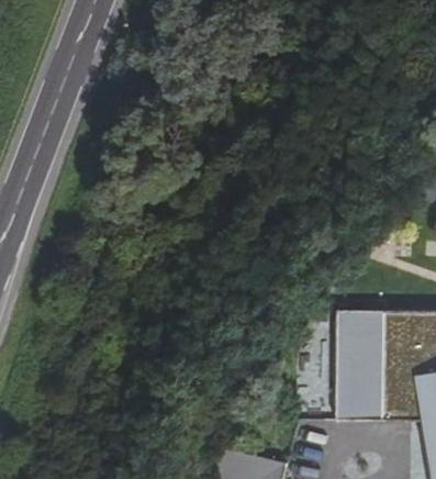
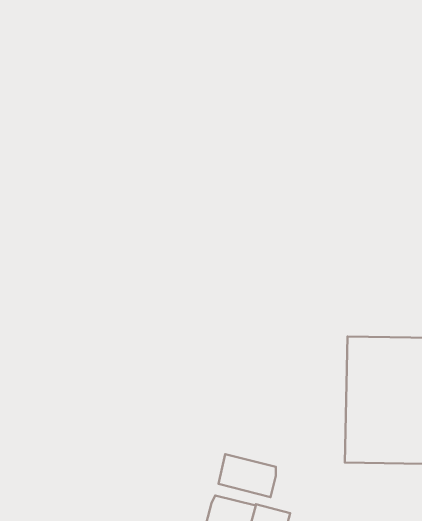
building: none -> [219,454,276,497]

